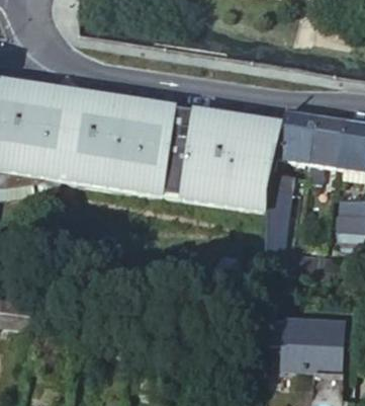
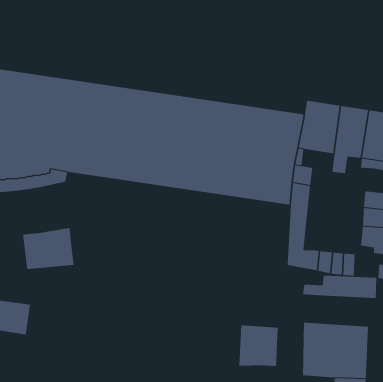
building: none -> [22,227,74,270]
building: none -> [303,275,377,299]
building: none -> [239,324,278,367]

